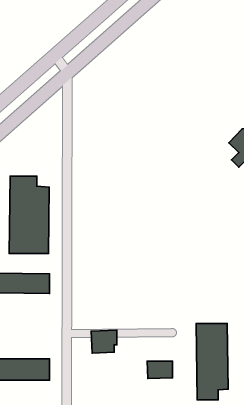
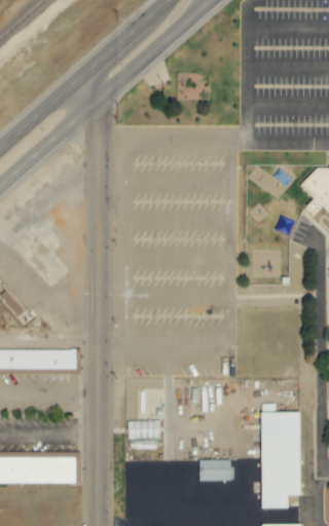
building: [9,176,49,254] -> none

